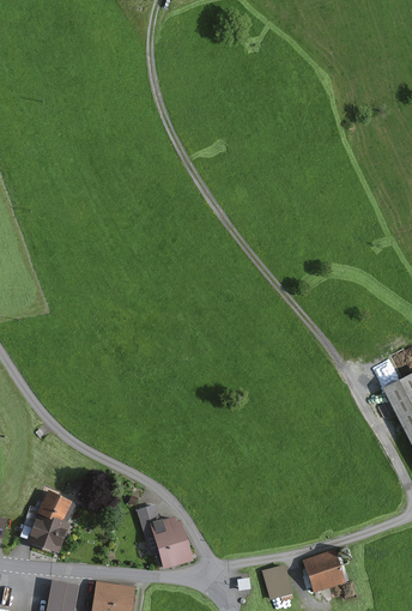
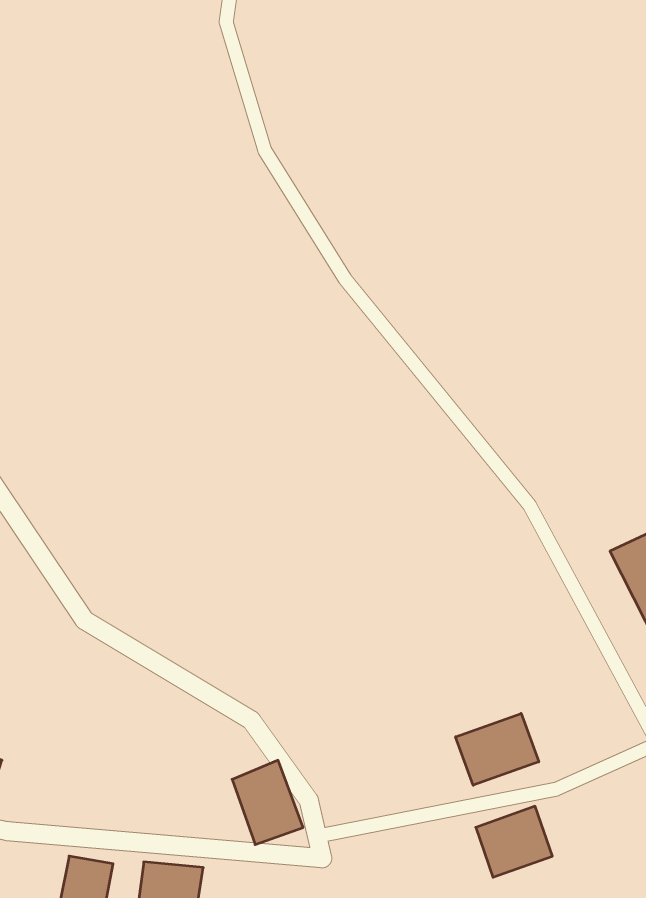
building: [31,488,79,552] -> none
building: none -> [456,713,539,785]
building: [259,564,292,599] -> none

